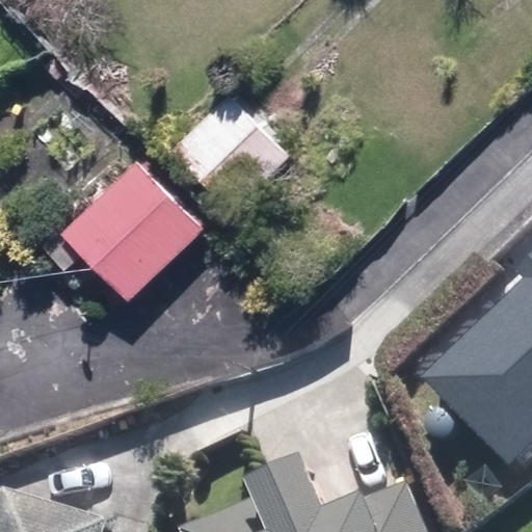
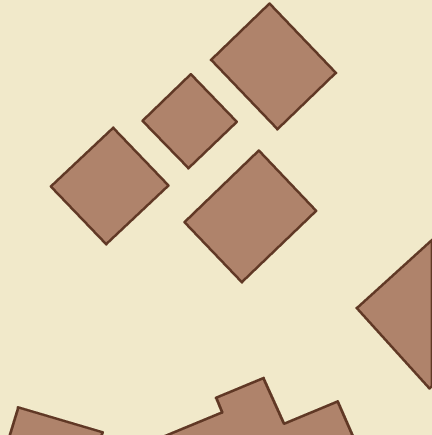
building: none -> [211,4,336,129]
building: none -> [185,151,316,282]

